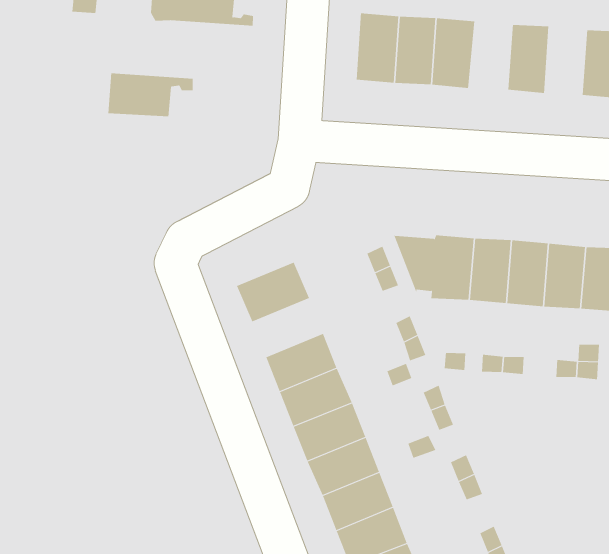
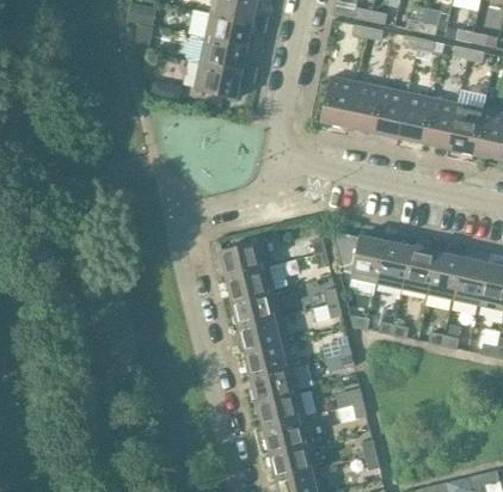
building: none -> [397,92,433,142]
building: none -> [448,103,483,153]
building: [107,73,193,117] -> [194,62,256,98]
building: none -> [226,265,274,301]

